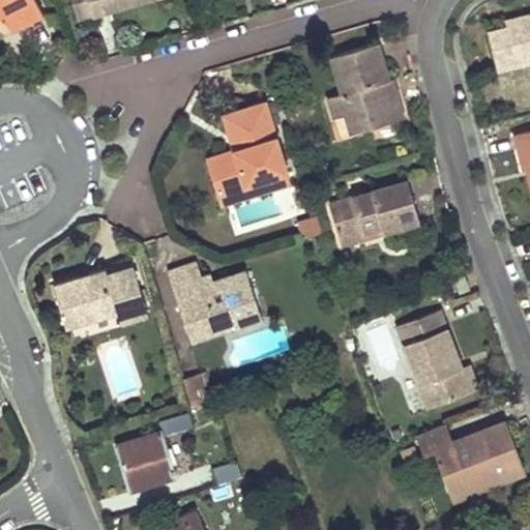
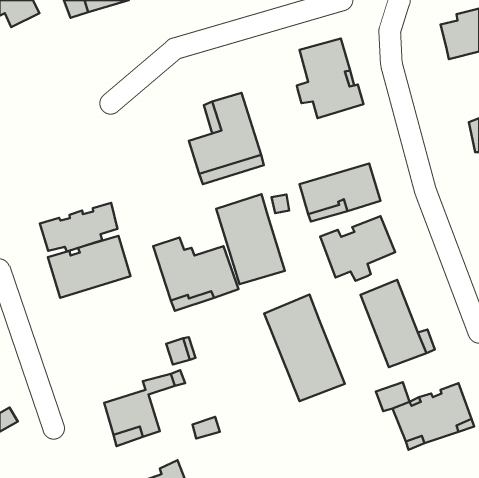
building: none -> [216,194,285,284]
building: none -> [40,203,118,252]
building: none -> [320,216,395,281]
building: none -> [264,295,345,401]

